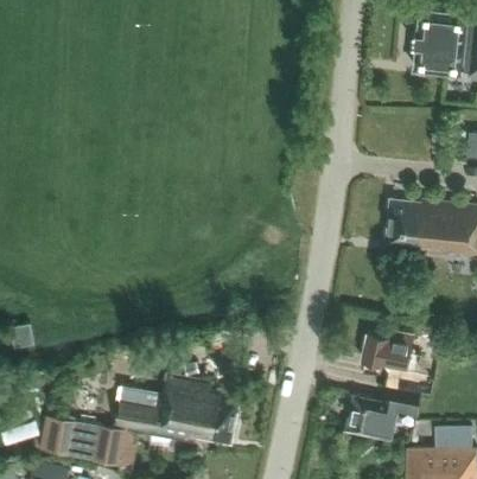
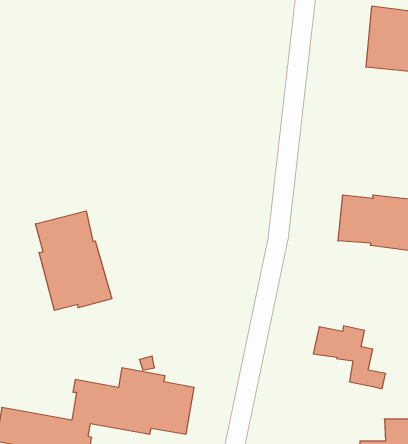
building: none -> [36,211,112,310]
building: [345,388,421,440] -> none

